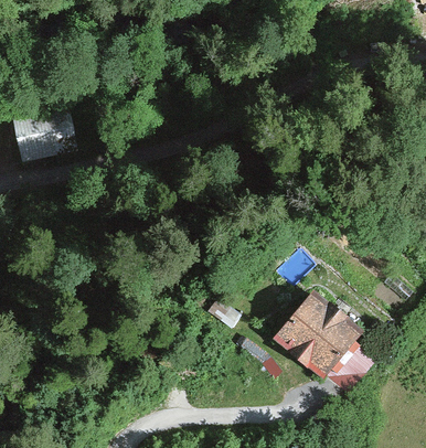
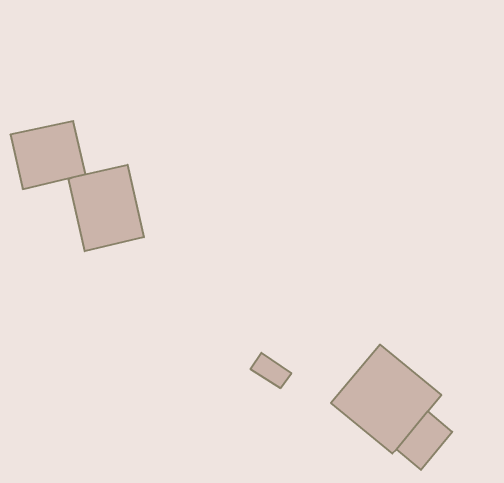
building: none -> [68,165,144,251]

